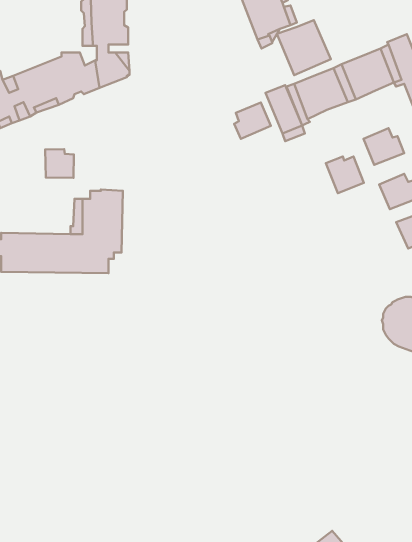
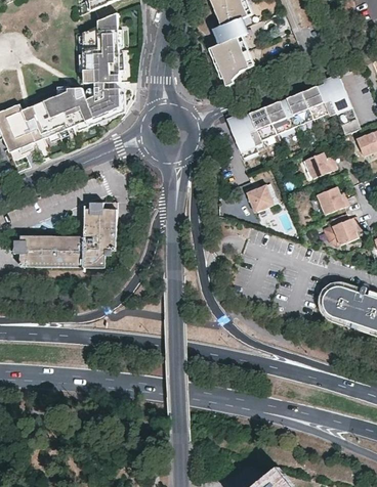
building: [277,20,331,75] -> none
building: [234,103,271,139] -> none
building: [45,149,74,178] -> none
building: [326,157,364,193] -> [245,181,275,210]

